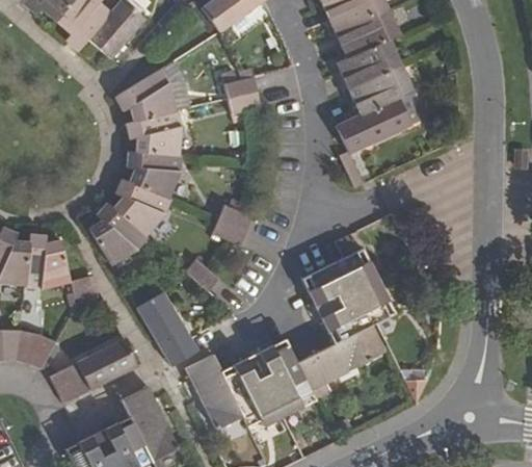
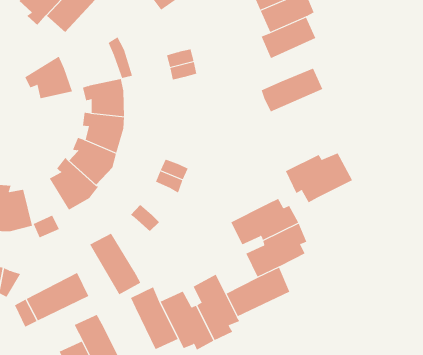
building: [348,64,413,114] -> none
building: [118,70,175,120] -> [24,56,73,99]
building: none -> [285,152,353,203]

